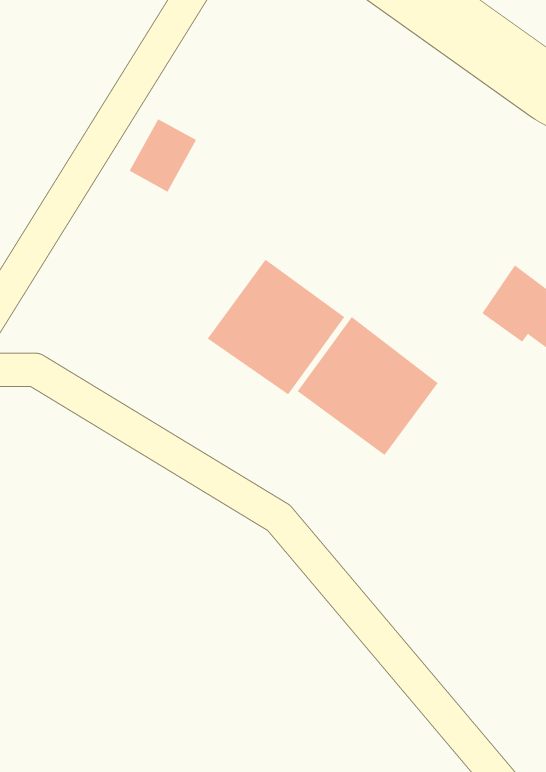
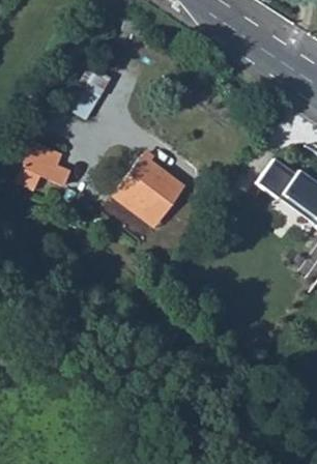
building: none -> [18,141,73,189]
building: [297,316,439,456] -> none

